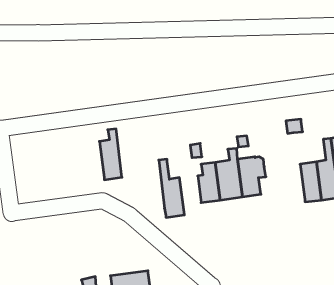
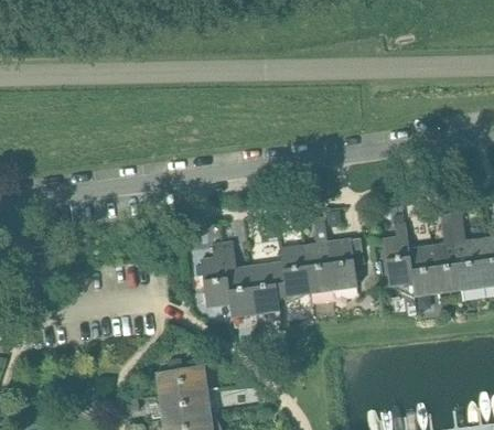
building: [99,129,122,180] -> [200,241,229,309]
building: none -> [383,221,416,298]
building: none -> [249,262,279,314]
building: none -> [154,358,207,395]

